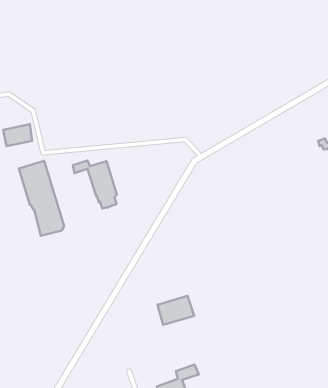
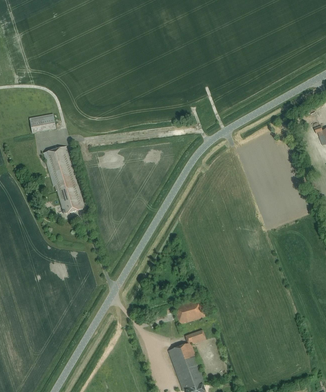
building: [73,160,117,208] -> none
building: [158,296,194,325] -> [173,298,206,324]

